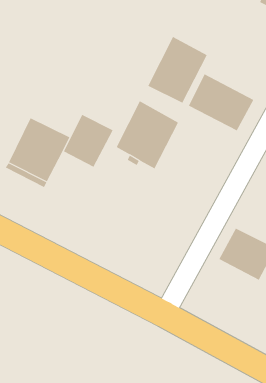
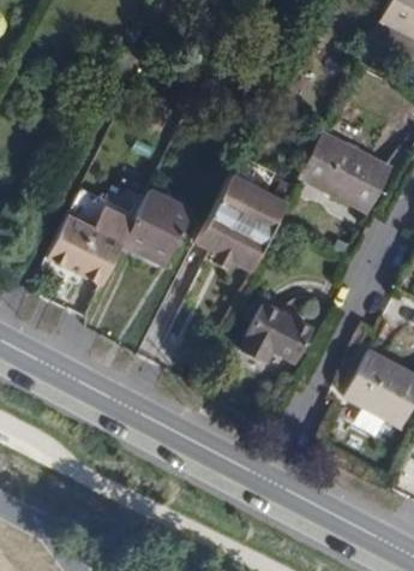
building: [147,36,208,103] -> none
building: none -> [241,301,314,361]

